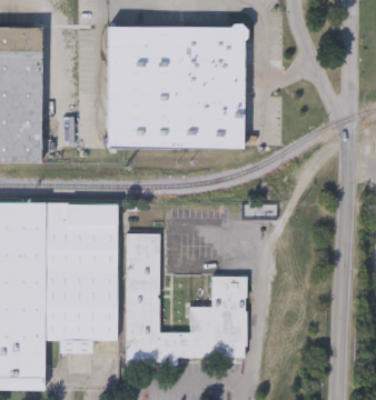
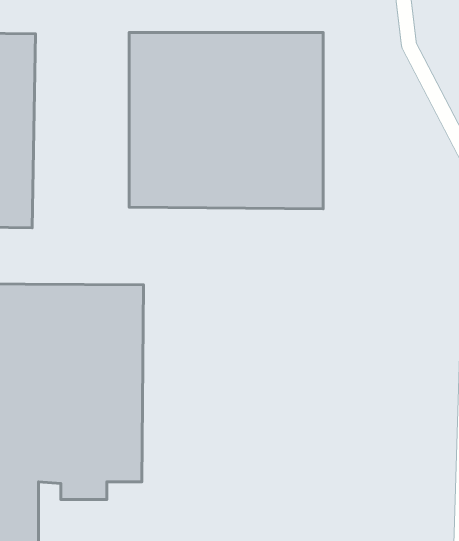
building: [126,233,247,367] -> none

